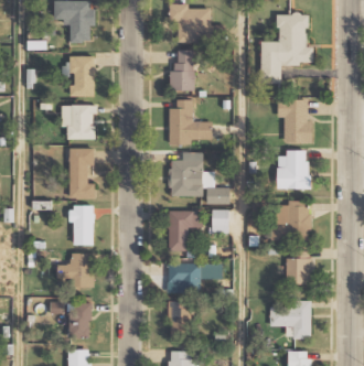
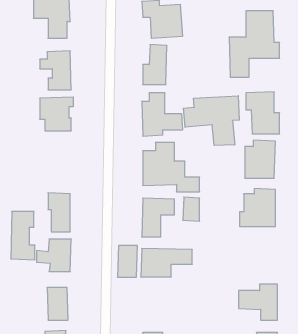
building: none -> [183,96,239,145]
building: [68,148,94,198] -> [11,211,35,260]
building: [285,250,310,284] -> none
building: [168,301,189,334] -> [117,246,137,277]

